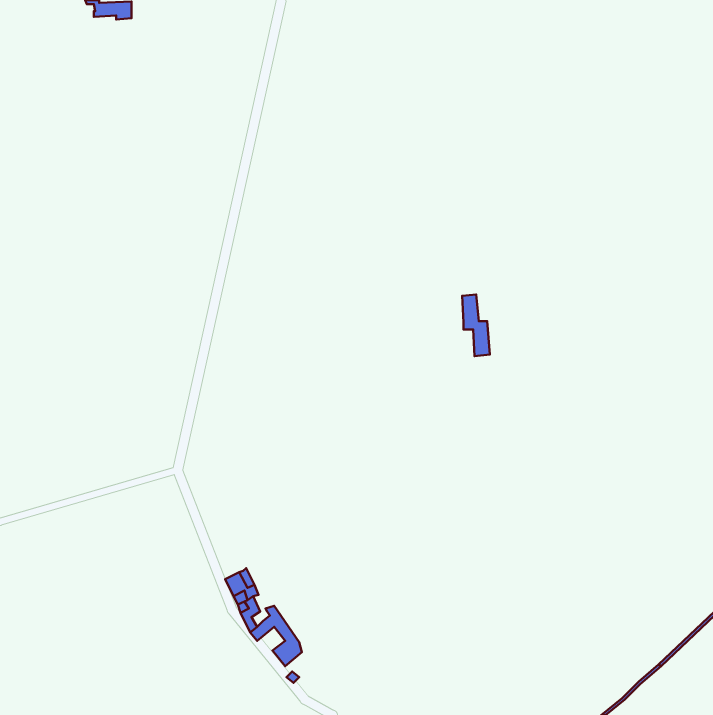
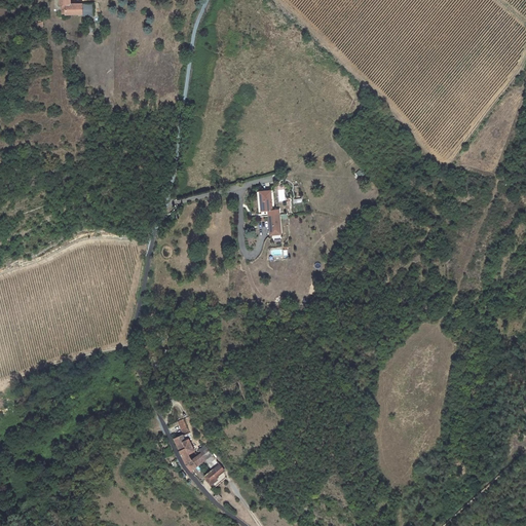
building: [462,294,490,356] -> [260,191,280,236]

